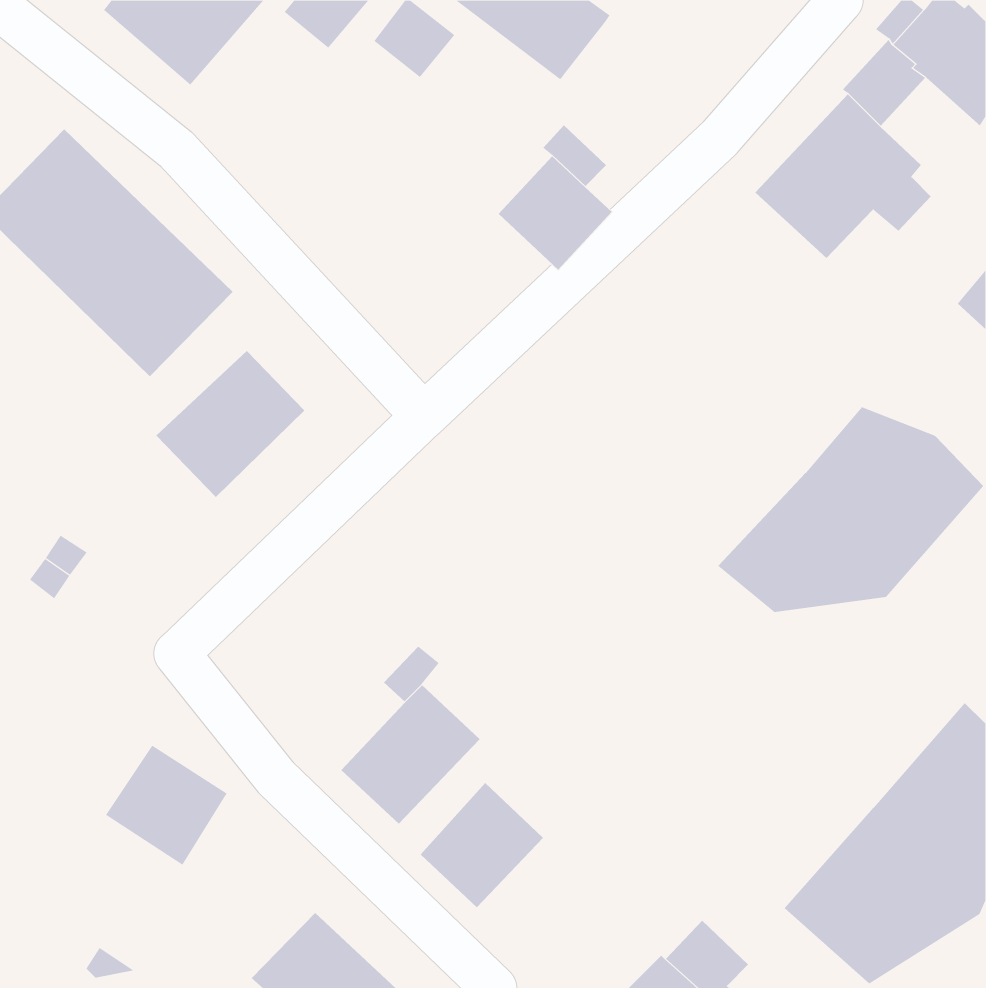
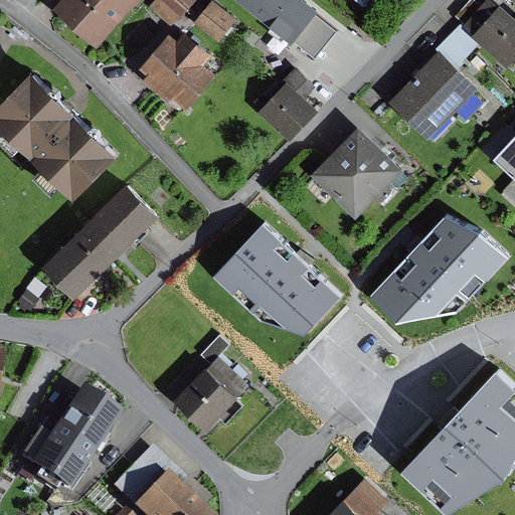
building: none -> [292,15,334,59]
building: none -> [138,31,213,108]
building: none -> [311,126,403,217]
building: none -> [213,221,343,332]
building: none -> [43,228,112,297]
building: [420,782,544,908] -> none
building: none -> [18,424,95,494]
building: none -> [109,448,169,509]

